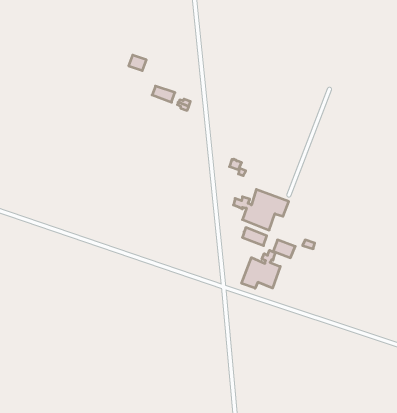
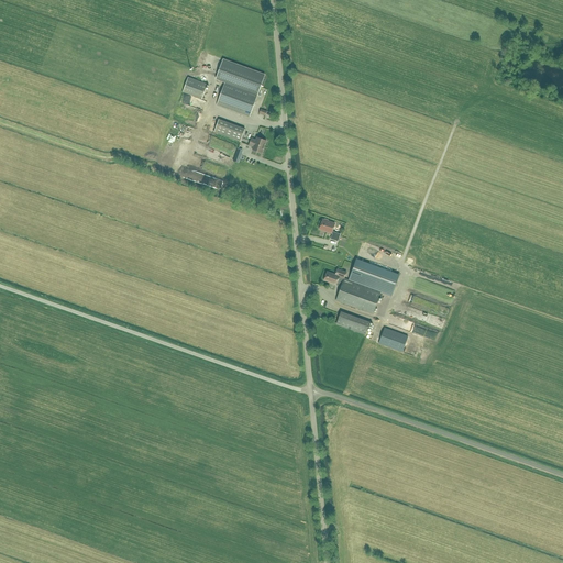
building: none -> [214,58,264,115]
building: [242,250,280,288] -> none

